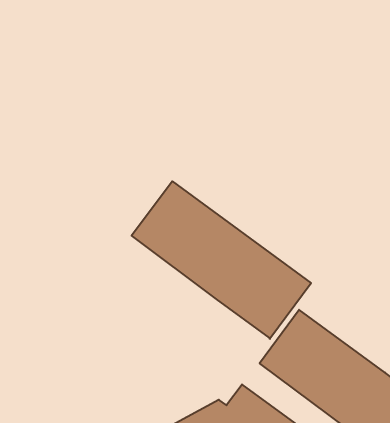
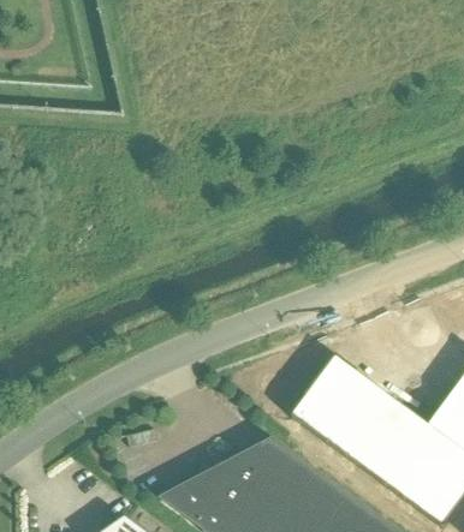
building: [132,181,311,339] -> none

